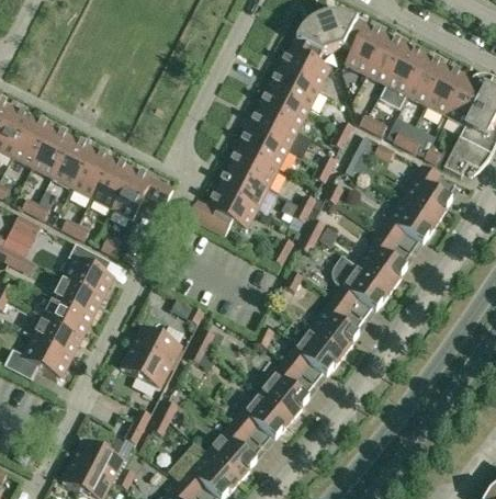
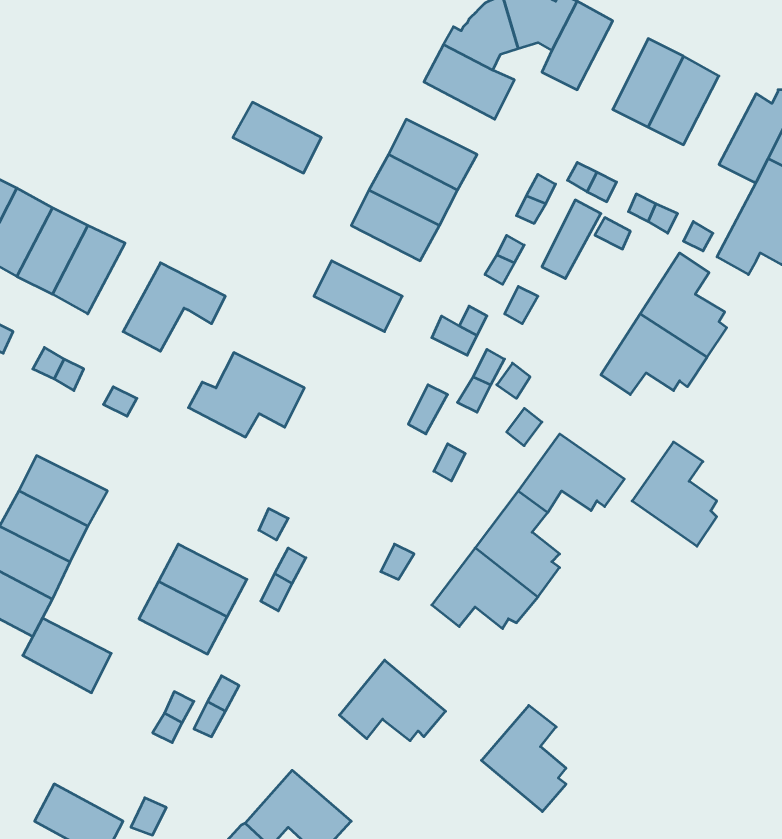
building: [365,35,405,84] -> none
building: [425,66,465,115] -> none
building: [270,69,319,110] -> none
building: [228,149,278,189] -> [233,102,321,173]
building: [92,159,133,208] -> none
building: [193,189,258,236] -> [188,353,304,437]
building: [356,233,403,291] -> [632,442,717,546]
building: [64,257,113,297] -> none
building: [258,361,305,420] -> [481,705,566,812]
building: [206,422,253,481] -> none
building: [74,440,123,481] -> [23,618,111,693]

